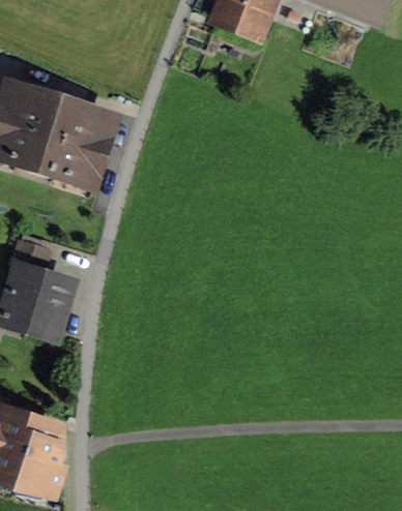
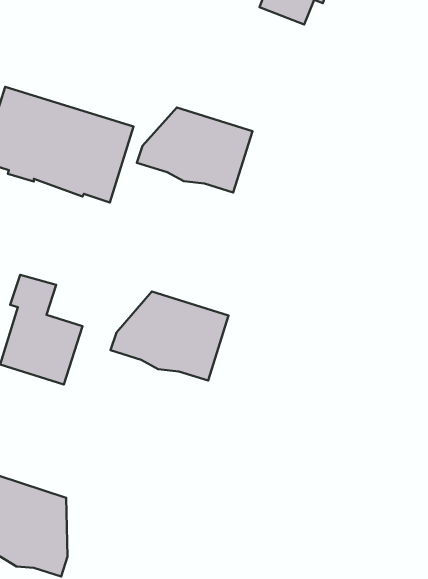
building: none -> [137,108,252,193]
building: none -> [111,292,229,381]

